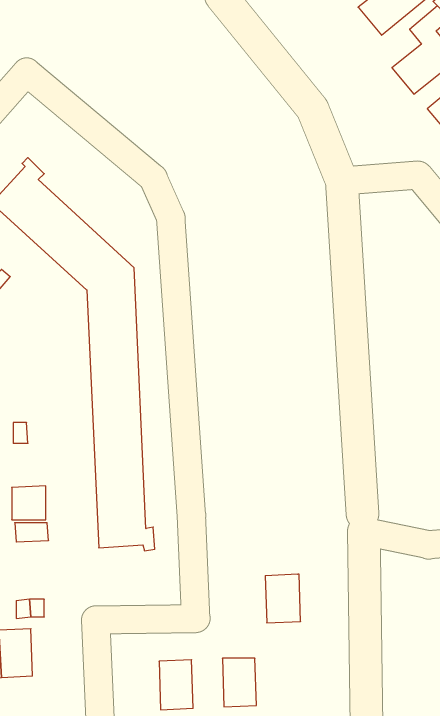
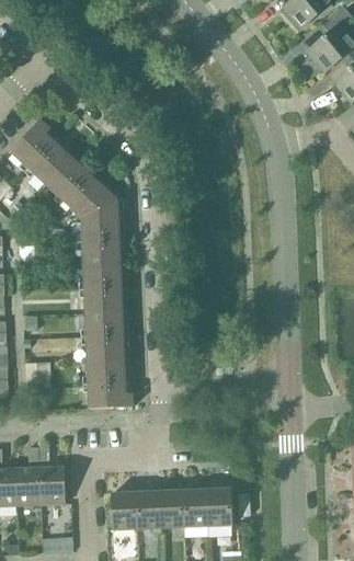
building: [265,574,301,623] -> [206,490,232,526]
building: none -> [39,468,65,504]
building: none -> [159,491,183,528]
building: none -> [111,493,136,529]

